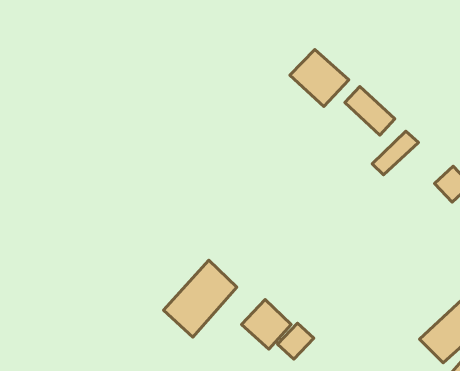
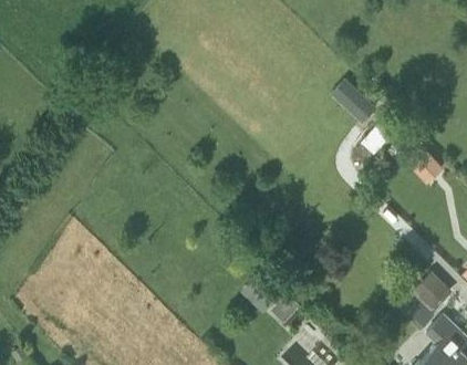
building: [290,50,349,107] -> none
building: [164,260,237,337] -> none

